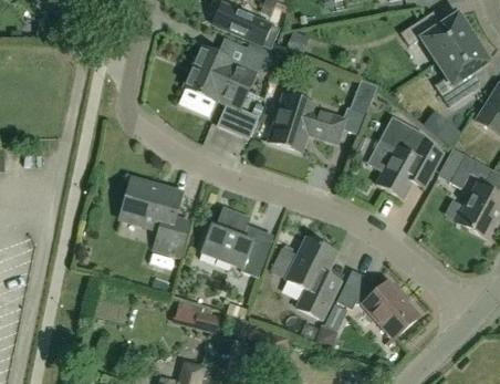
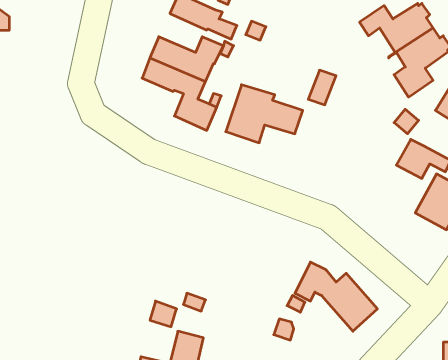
building: [376,114,444,197] -> none
building: [121,178,189,255] -> none
building: [200,206,272,277] -> none
building: [285,236,340,318] -> none

